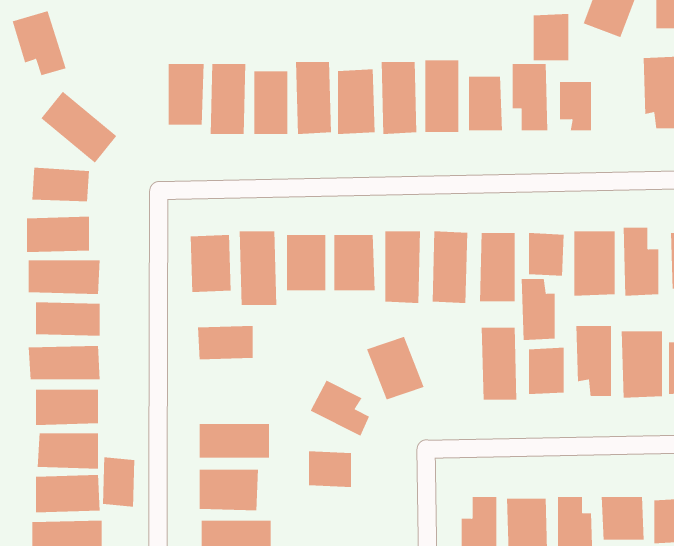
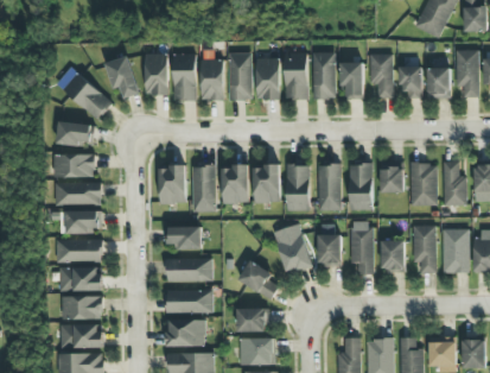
building: [12,10,66,76] -> [106,56,141,99]
building: [533,13,569,61] -> [427,68,451,99]
building: [521,279,555,340] -> [318,225,341,265]
building: none -> [165,258,212,283]
building: [102,457,135,507] -> none
building: none -> [240,337,274,365]

